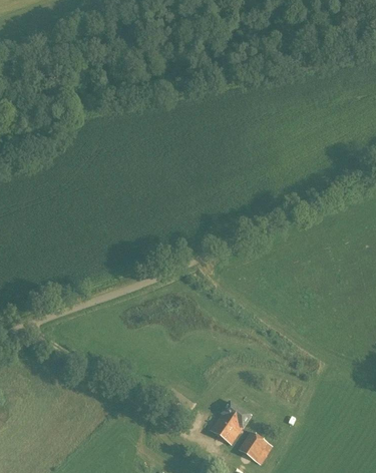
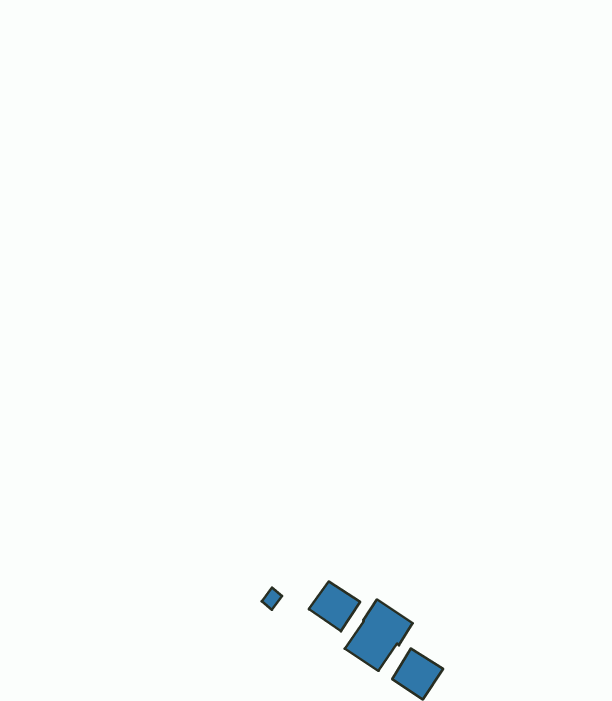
building: none -> [309,582,360,631]

